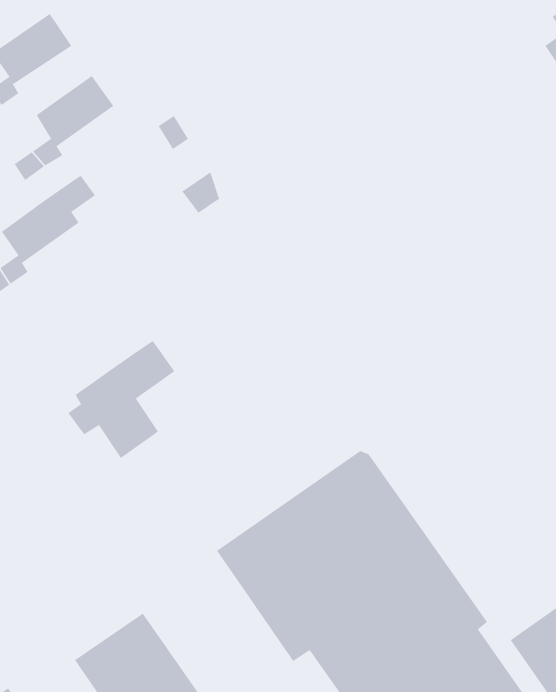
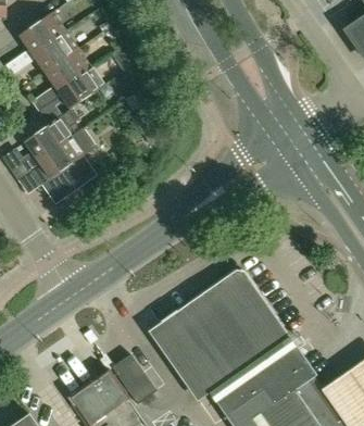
building: none -> [32,30,78,72]
building: none -> [58,66,104,109]
building: [68,340,175,459] -> [33,127,97,198]
building: none -> [117,358,158,408]

